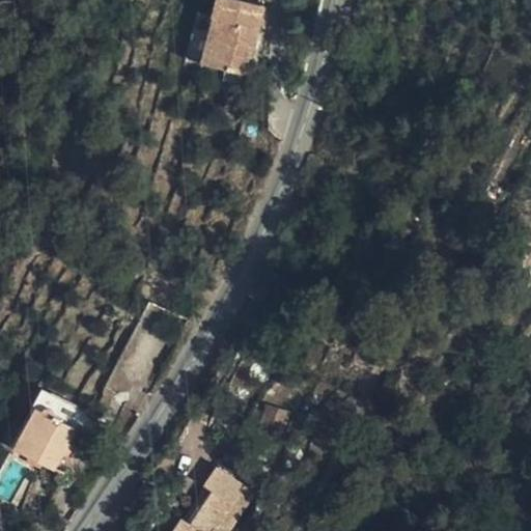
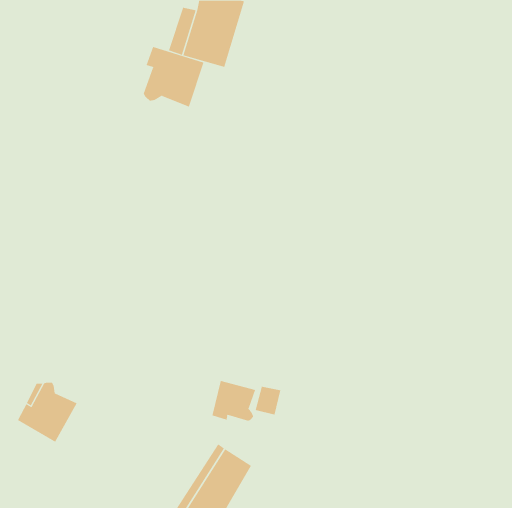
building: none -> [143,46,204,108]
building: none -> [212,380,256,422]

